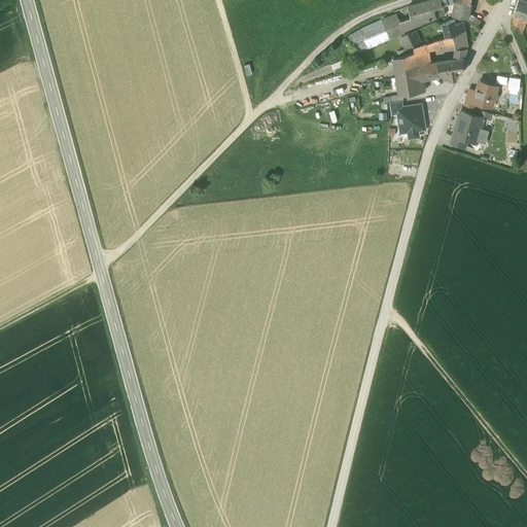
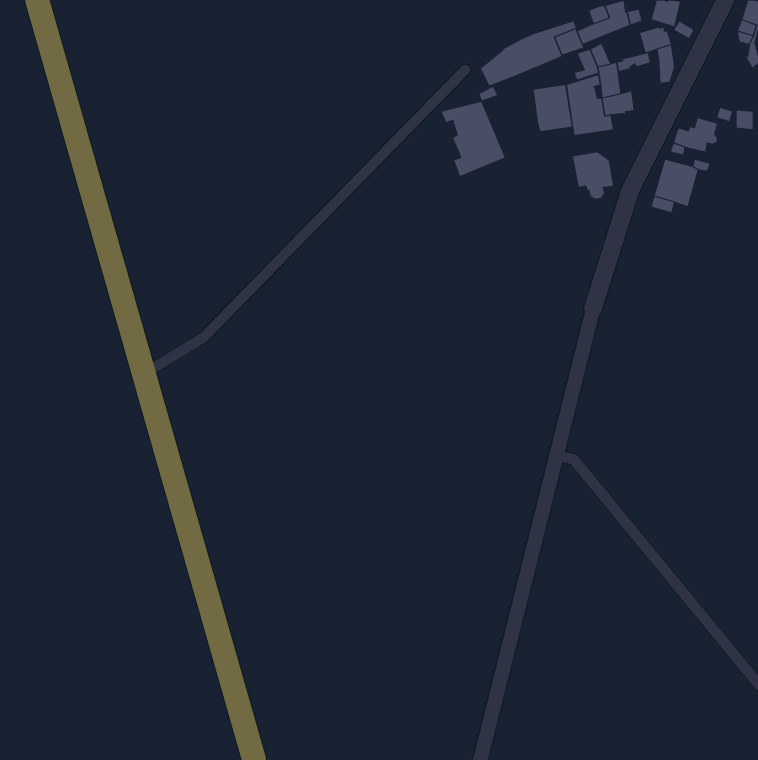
building: [438,57,465,76] -> none
building: none -> [533,84,573,132]
building: none -> [441,101,505,177]

